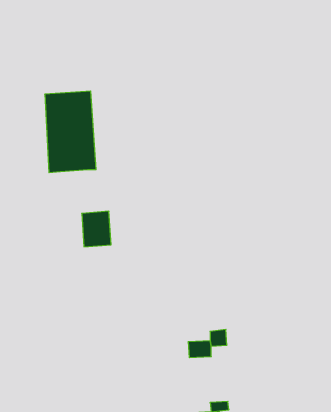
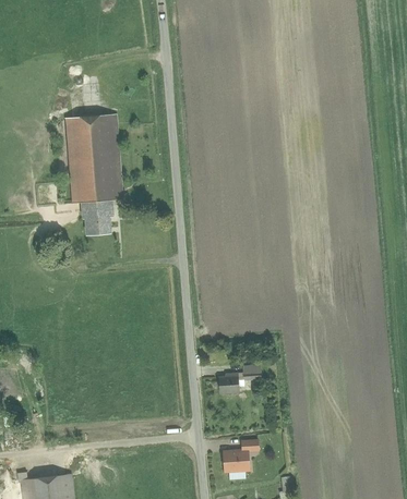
building: [82,211,111,247] -> [84,197,115,234]

